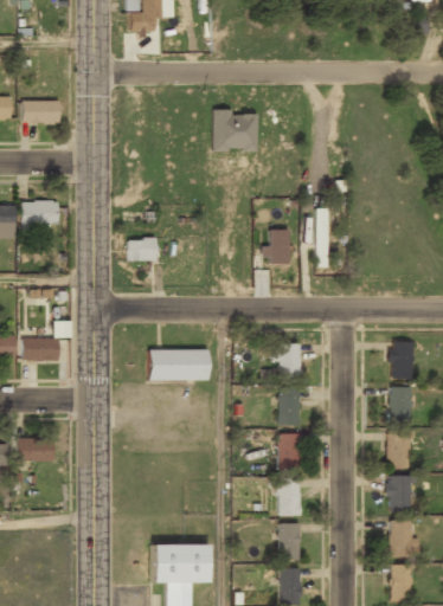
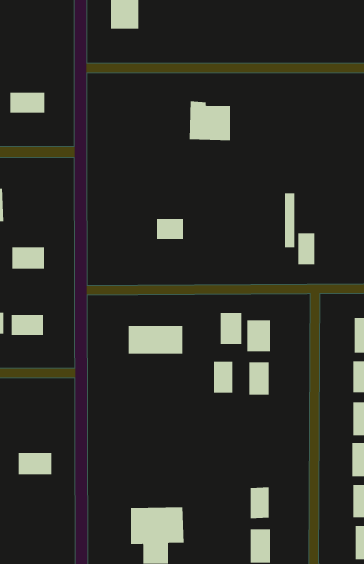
building: [21,200,57,224] -> [12,247,45,269]
building: [270,230,289,264] -> [297,233,315,265]
building: [126,238,155,260] -> [156,219,184,240]
building: none -> [220,312,242,345]
building: [278,433,300,468] -> [213,361,233,393]
building: [17,437,53,460] -> [18,453,52,475]
building: [278,477,301,515] -> none

